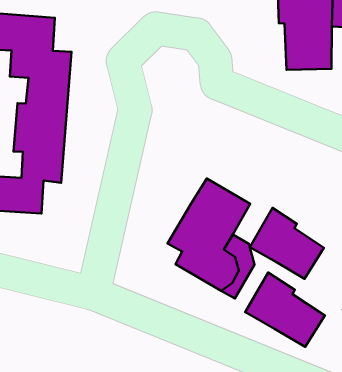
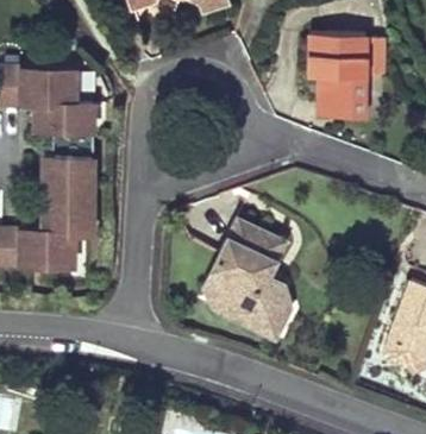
building: [250,208,324,279] -> none
building: [245,272,325,347] -> none

